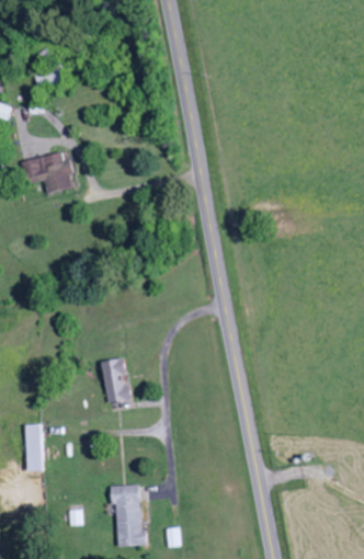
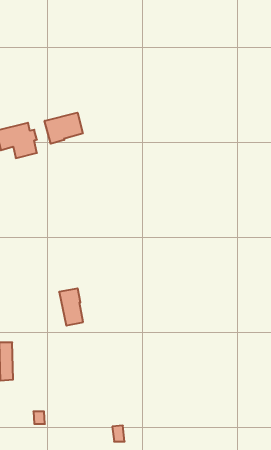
building: none -> [45,113,83,144]
building: [111,484,147,547] -> none

